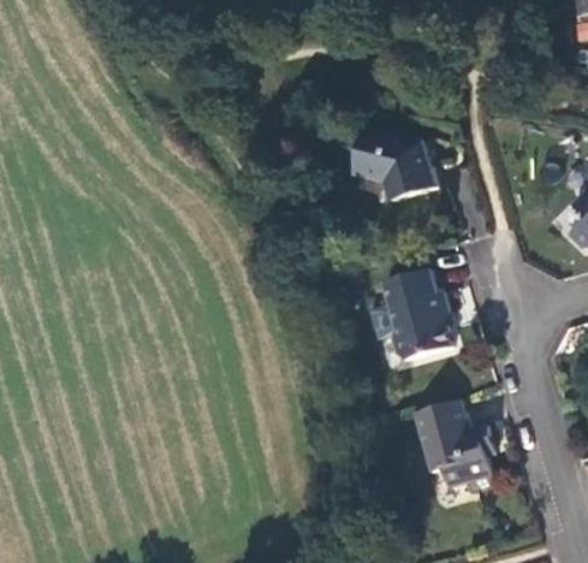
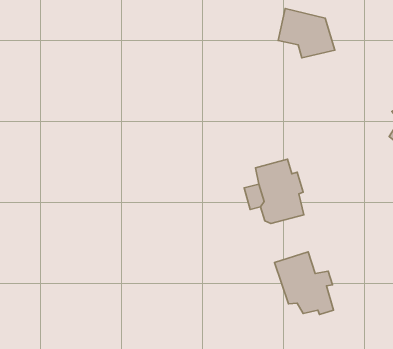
building: [356,131,434,200] -> [278,9,335,58]

